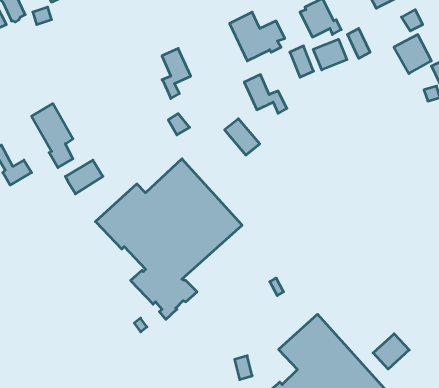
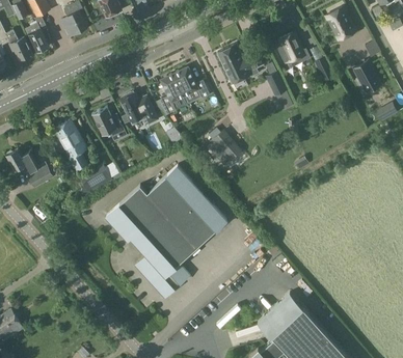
building: [313,39,347,70] -> none
building: none -> [119,91,159,126]
building: [244,75,287,113] -> [174,67,210,100]
building: none -> [91,106,127,138]
building: [373,334,409,369] -> none

